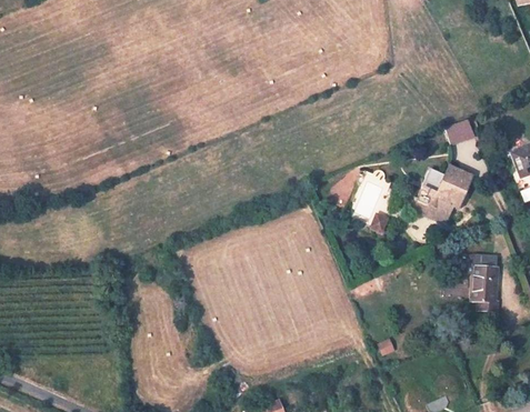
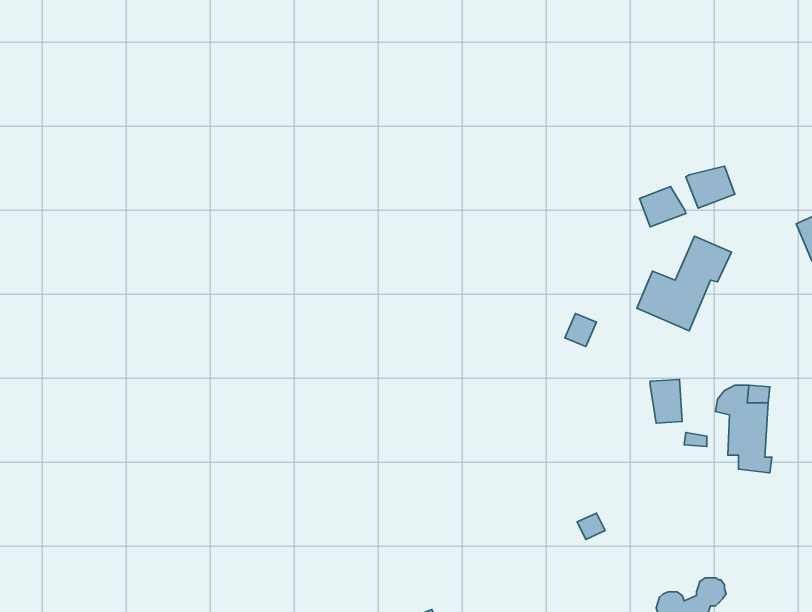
building: none -> [639,186,686,227]
building: none -> [650,379,682,423]

